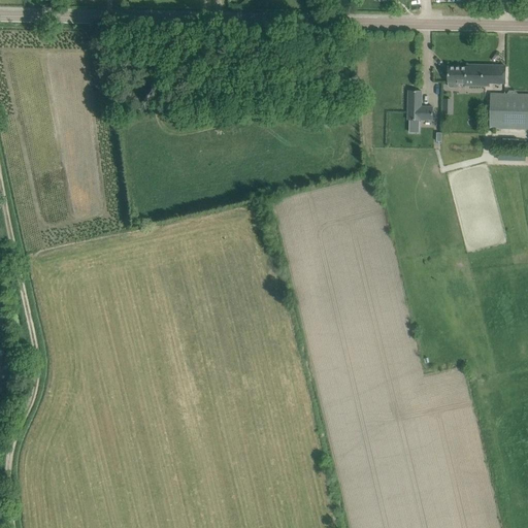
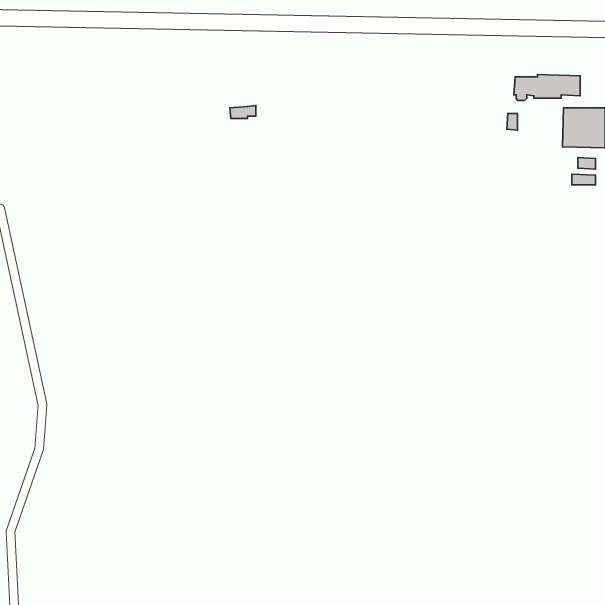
building: [407,91,433,121] -> none

